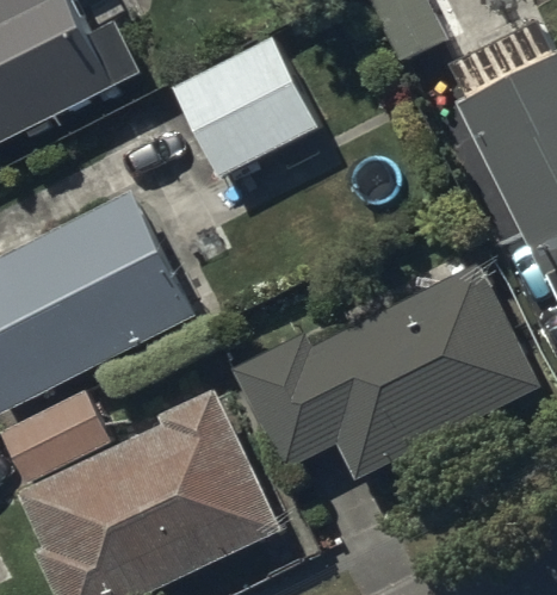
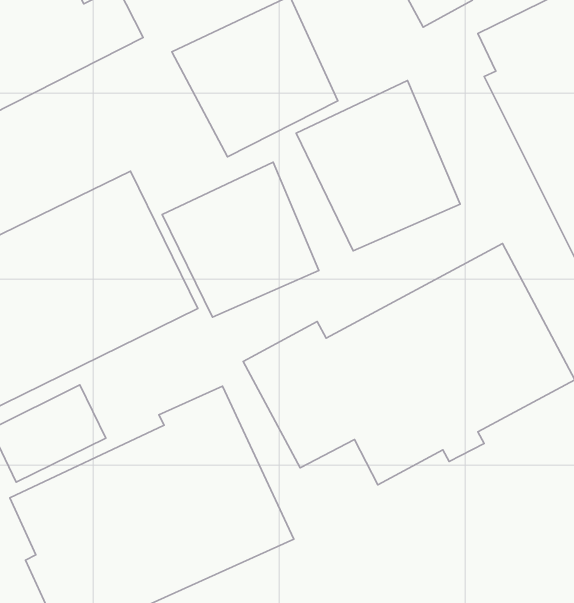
building: none -> [296,81,460,251]
building: none -> [162,162,319,317]

